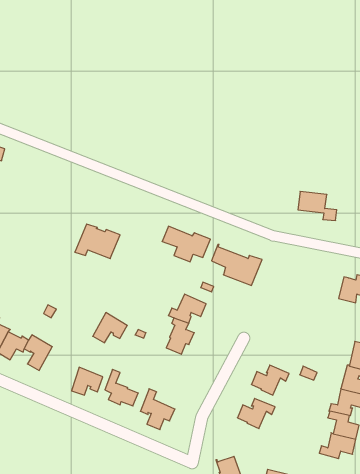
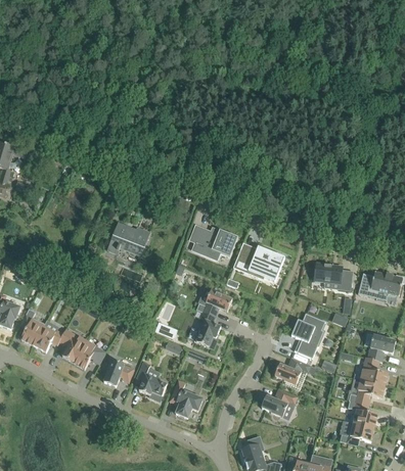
building: [298,191,337,220] -> [314,263,351,290]
building: [93,313,127,343] -> [73,339,105,368]
building: none -> [290,313,324,358]

